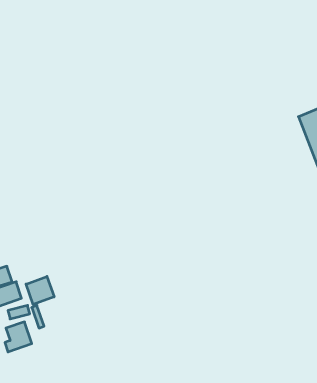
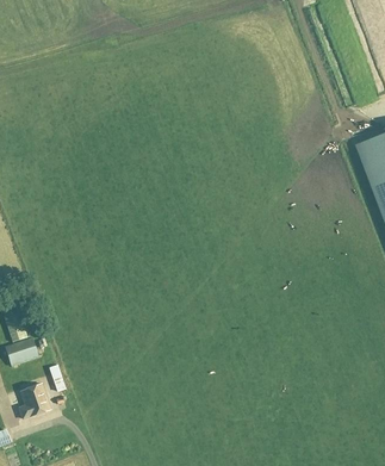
building: [26,276,54,305] -> none

